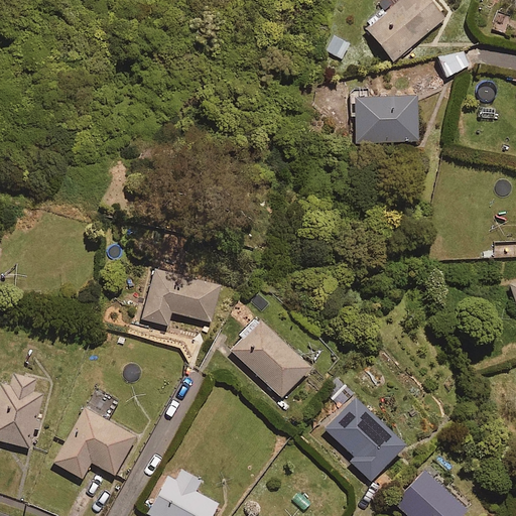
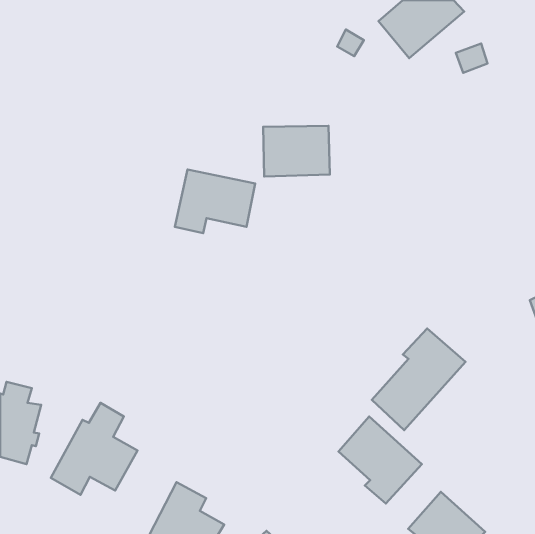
building: [354,92,417,140] -> [263,126,330,177]
building: [142,266,219,327] -> [175,170,255,233]
building: none -> [372,328,466,430]
building: [231,319,312,399] -> none

